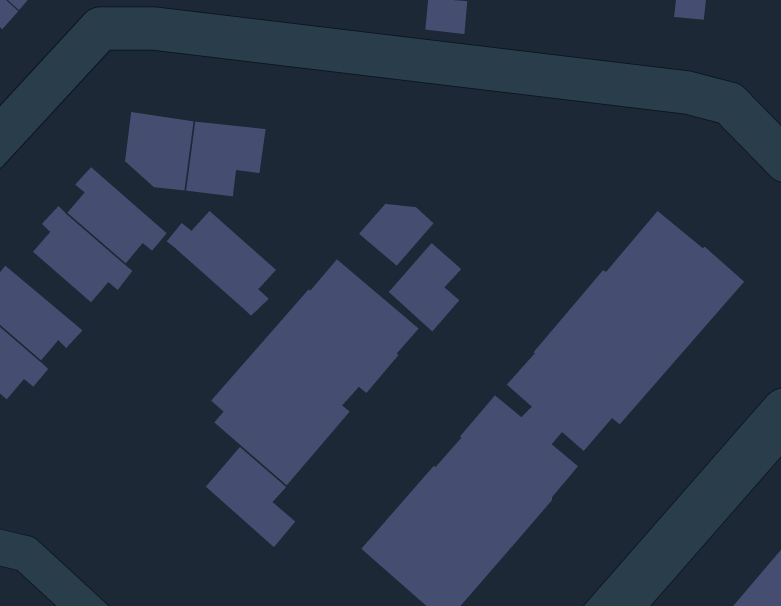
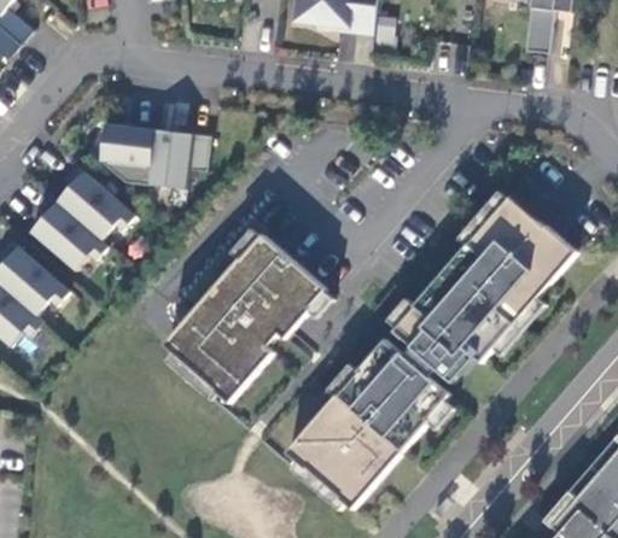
building: [358,203,434,267] -> none
building: [165,210,277,317] -> none
building: [388,242,462,333] -> none
building: [205,446,297,548] -> none

